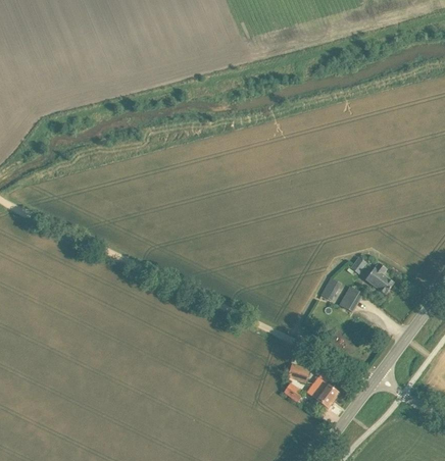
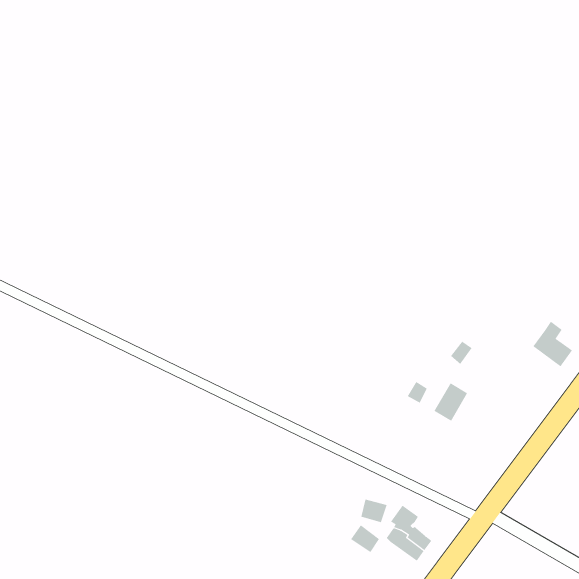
building: [365,261,393,293] -> [533,321,573,367]

